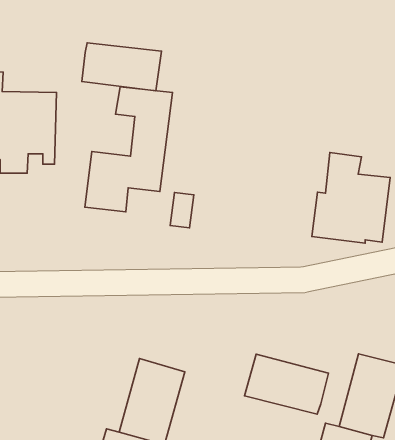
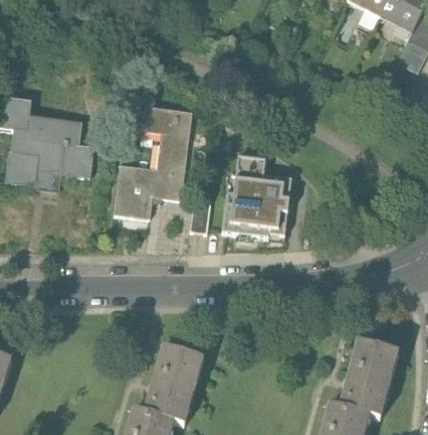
building: [82,43,162,91] -> none
building: [312,152,390,243] -> [221,157,290,238]
building: [244,354,329,414] -> none

